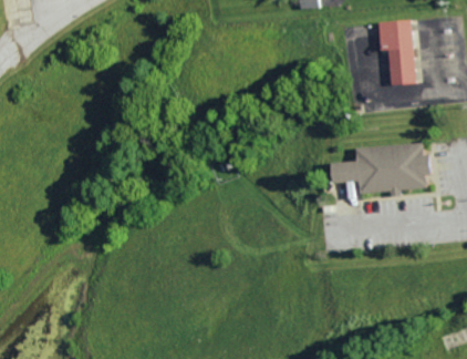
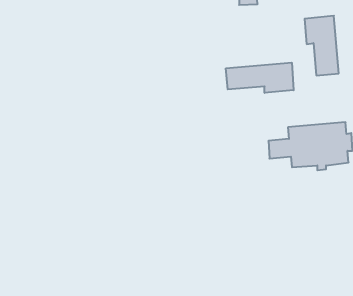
building: none -> [226,63,294,93]

